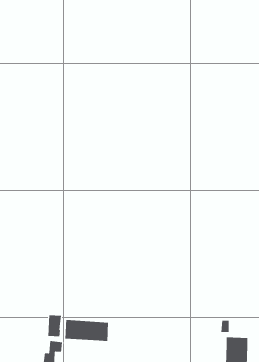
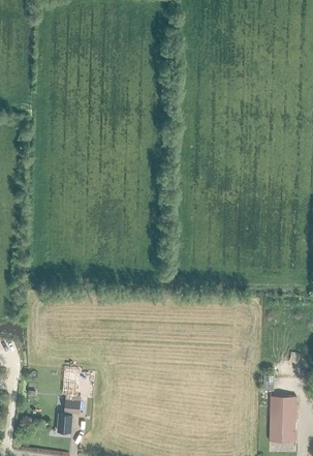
building: [65,319,109,342] -> none

